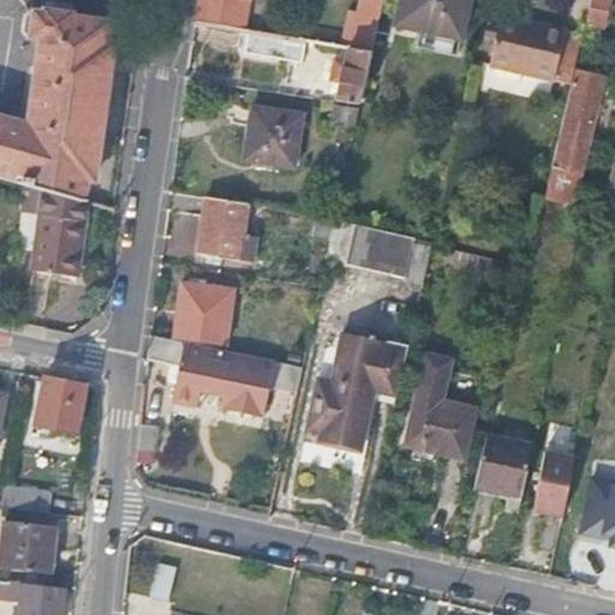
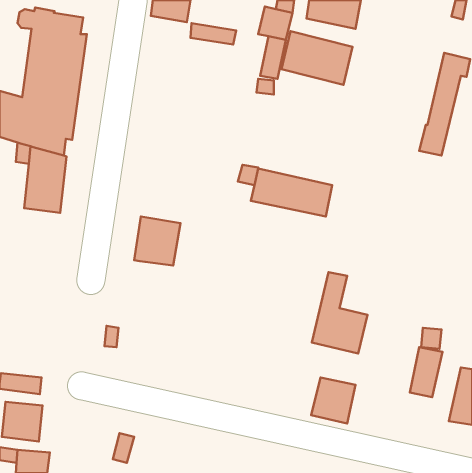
building: [491,12,584,82] -> [281,31,353,85]
building: [244,105,303,166] -> none
building: [198,197,247,259] -> none
building: [299,330,407,471] -> none
building: [145,333,303,416] -> none
building: [35,376,85,431] -> none
building: [473,435,531,495] -> [311,377,356,424]

